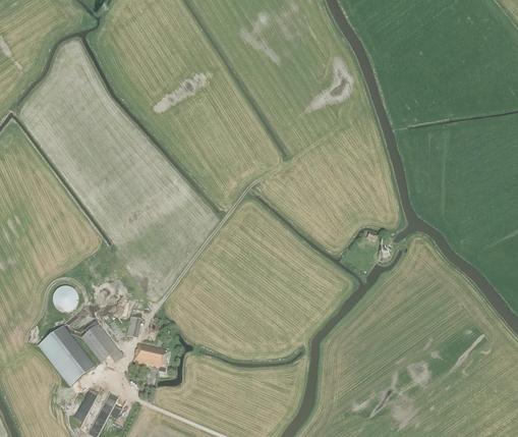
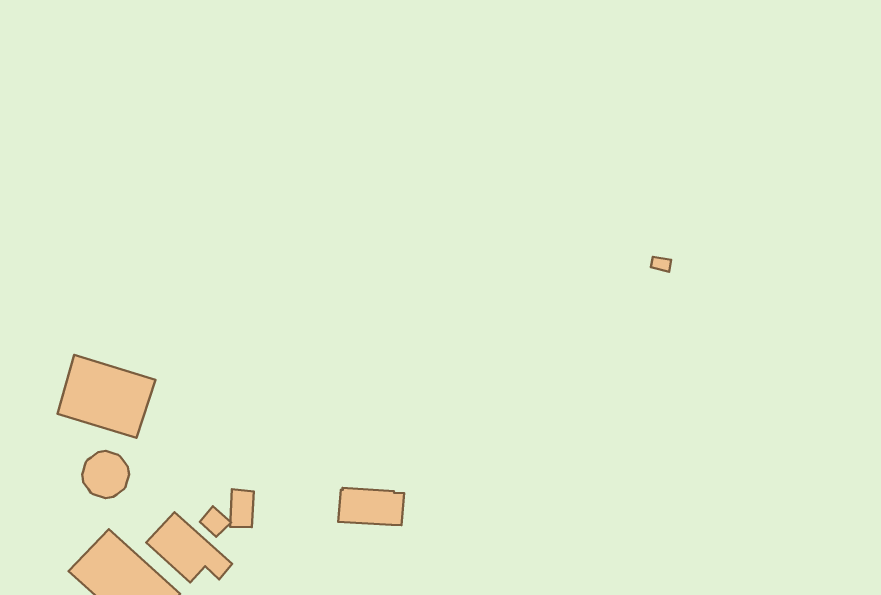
building: none -> [58,355,155,438]
building: [132,342,169,367] -> [338,488,404,525]

